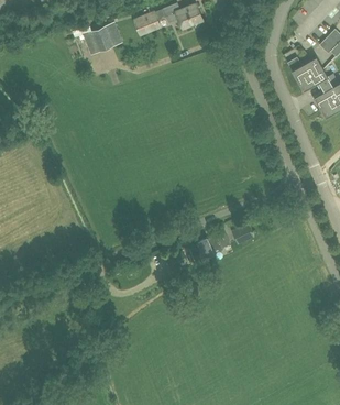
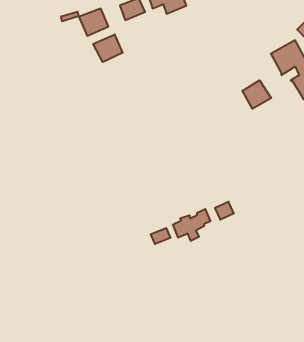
building: none -> [93,34,123,62]
building: none -> [242,80,271,109]

